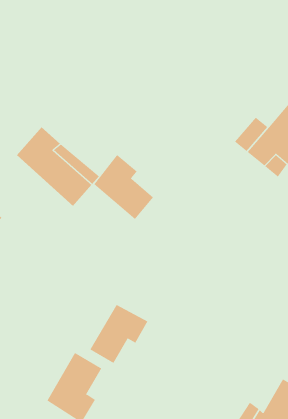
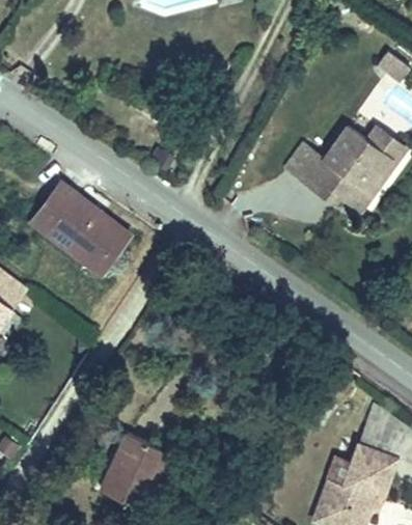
building: [94,154,154,220] -> none
building: [90,304,148,364] -> none

